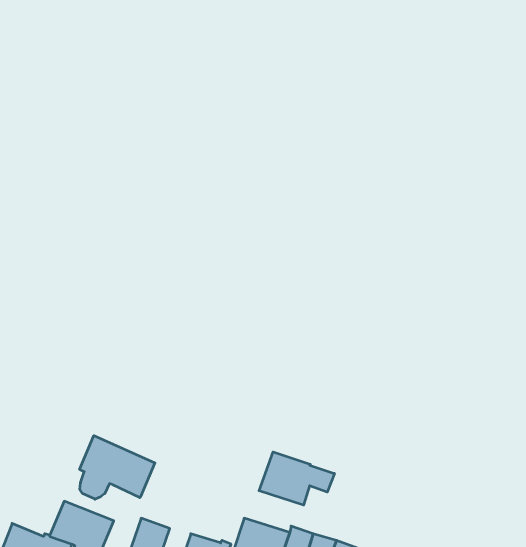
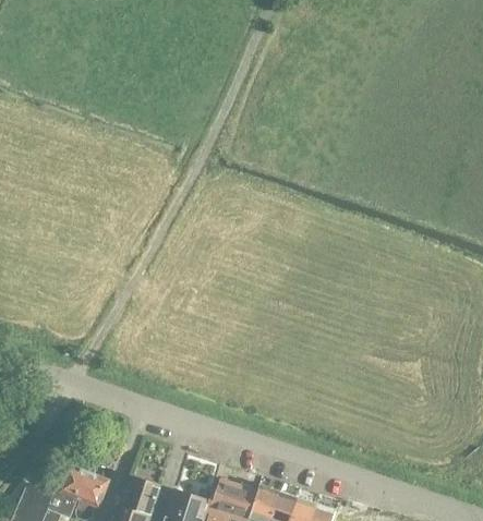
building: [80,436,155,499] -> none
building: [259,452,334,505] -> none

